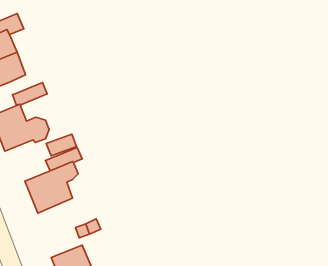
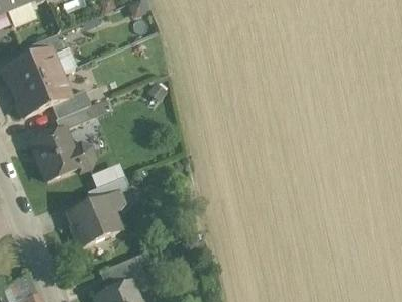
building: none -> [51,87,90,117]

